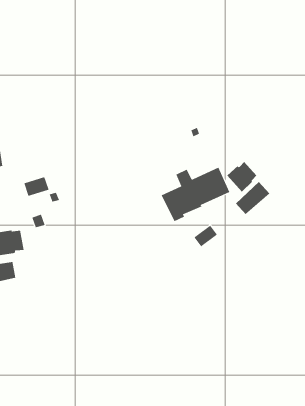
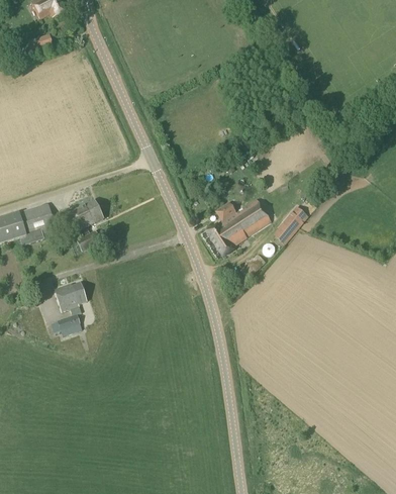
building: none -> [70,198,103,229]
building: [227,161,257,192] -> none

